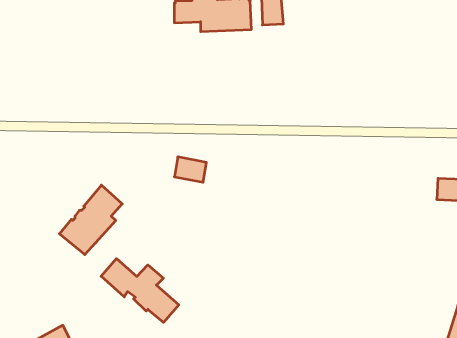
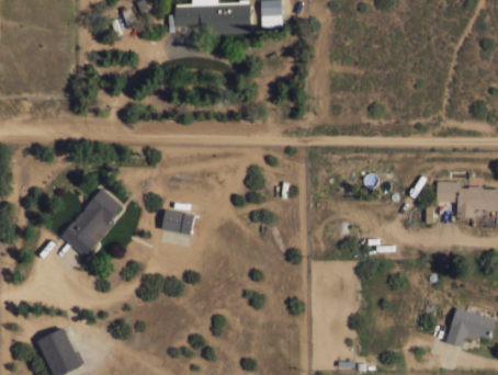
building: [174,157,206,182] -> [162,209,194,235]
building: [101,259,179,322] -> none

